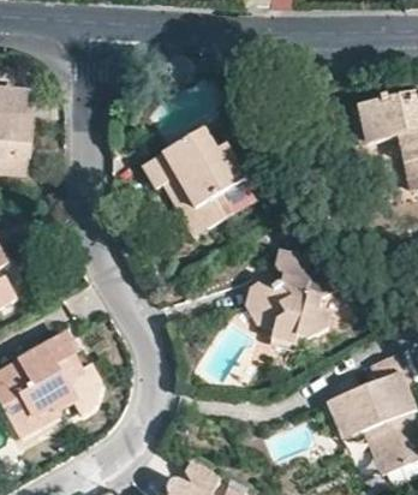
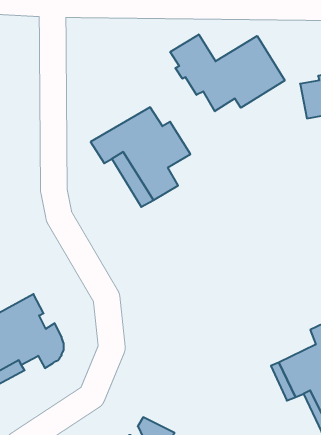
building: none -> [170,34,285,111]
building: [241,243,335,350] -> none

